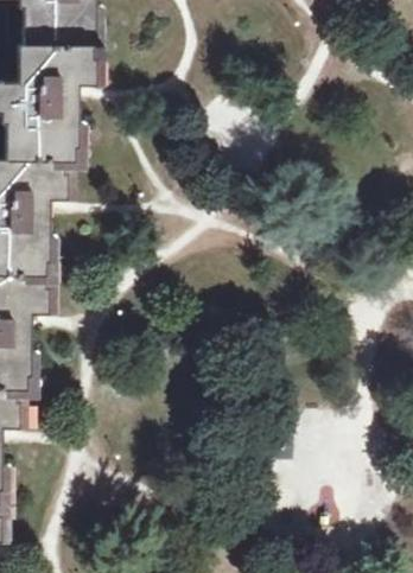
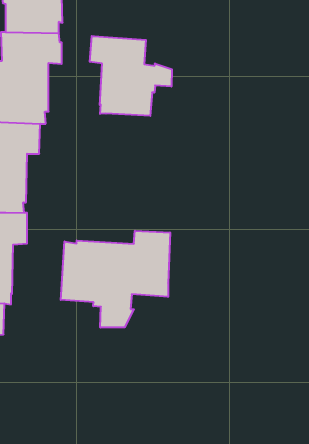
building: none -> [90,36,172,116]
building: none -> [61,231,170,328]

